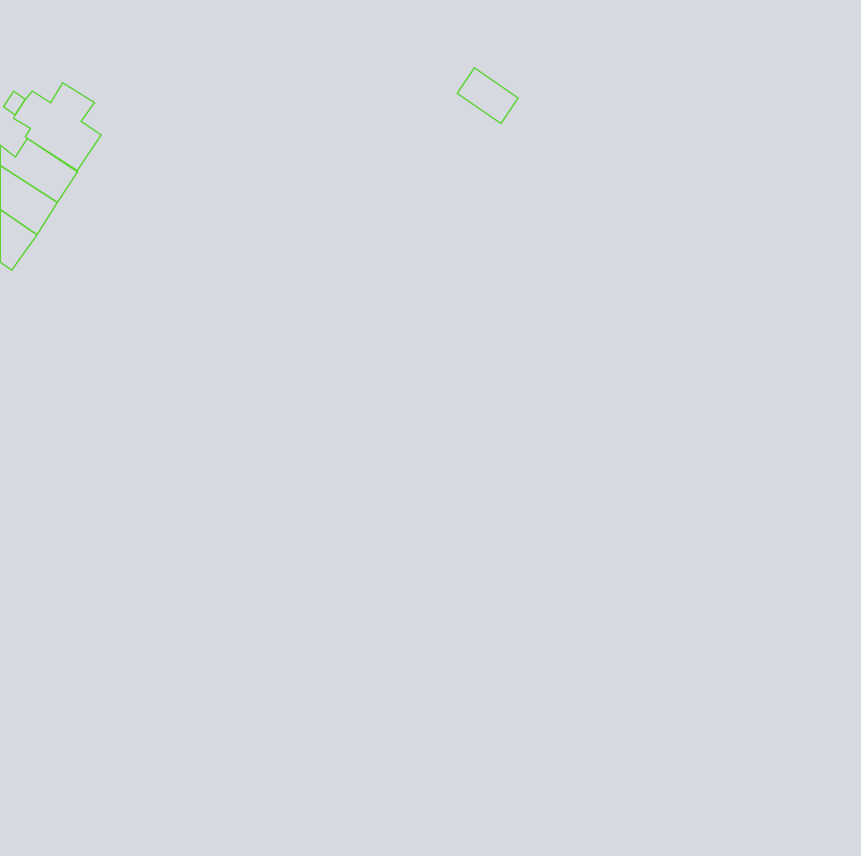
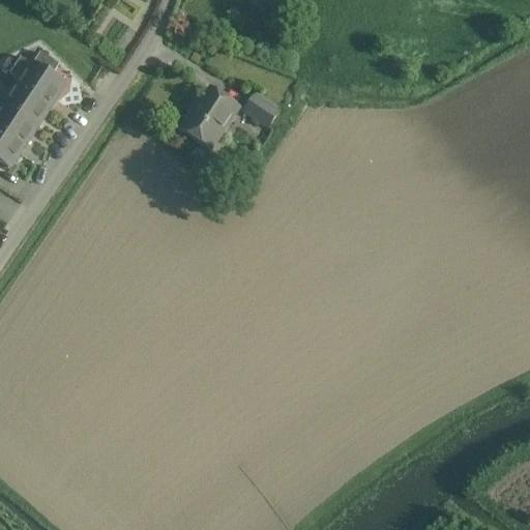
building: [457,68,518,124] -> [243,94,281,128]
building: none -> [179,87,238,148]

